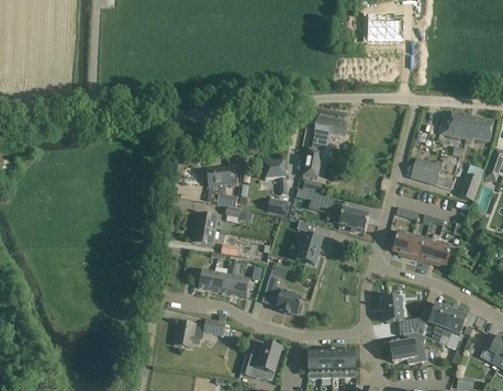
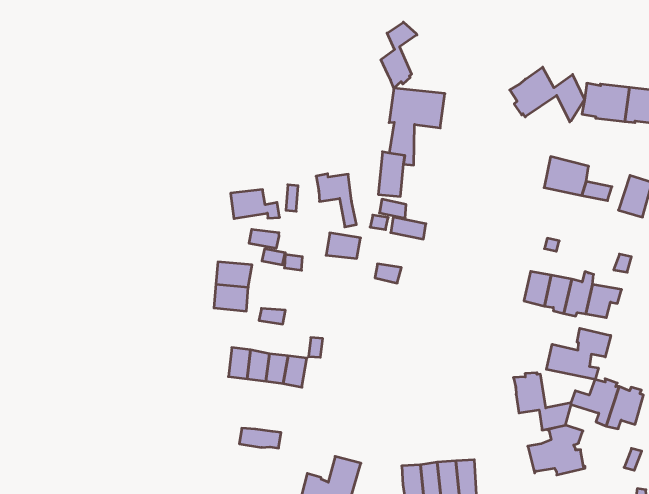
building: none -> [381,22,417,88]
building: none -> [510,67,585,122]
building: [334,204,369,232] -> none
building: [290,234,322,264] -> none
building: none -> [546,328,611,379]
building: [266,275,303,314] -> none
building: [175,321,204,346] -> none

